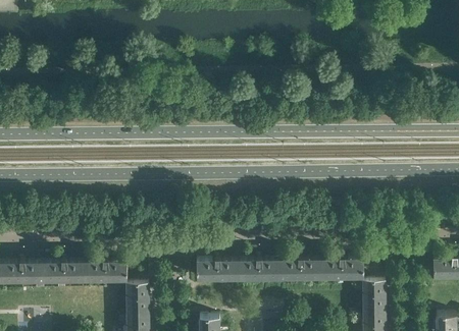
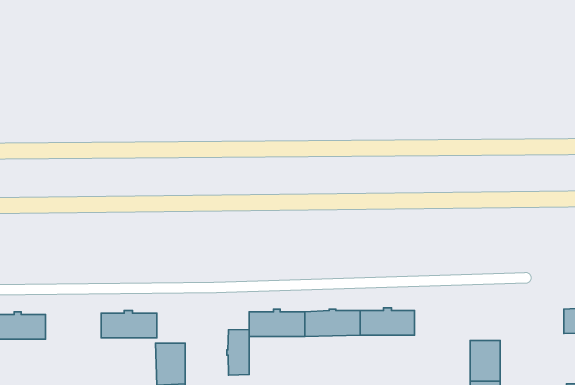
building: [320,259,362,279] -> none
building: [43,262,85,282] -> none
building: none -> [227,329,249,375]

